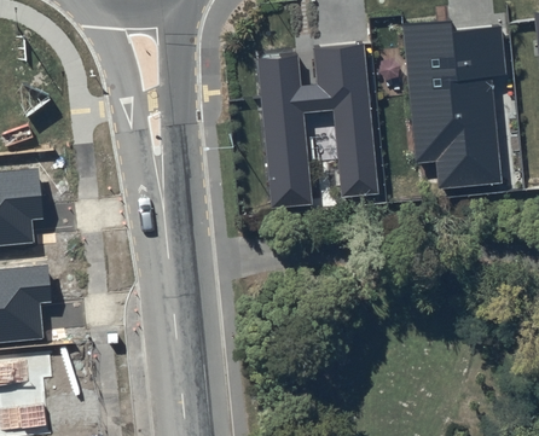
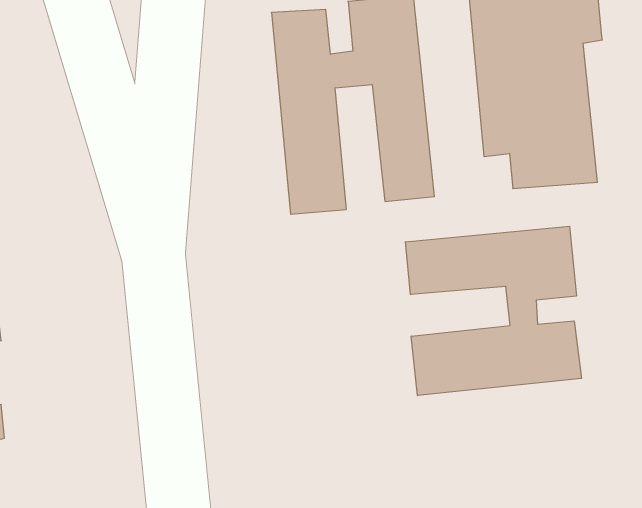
building: none -> [405,226,582,396]

